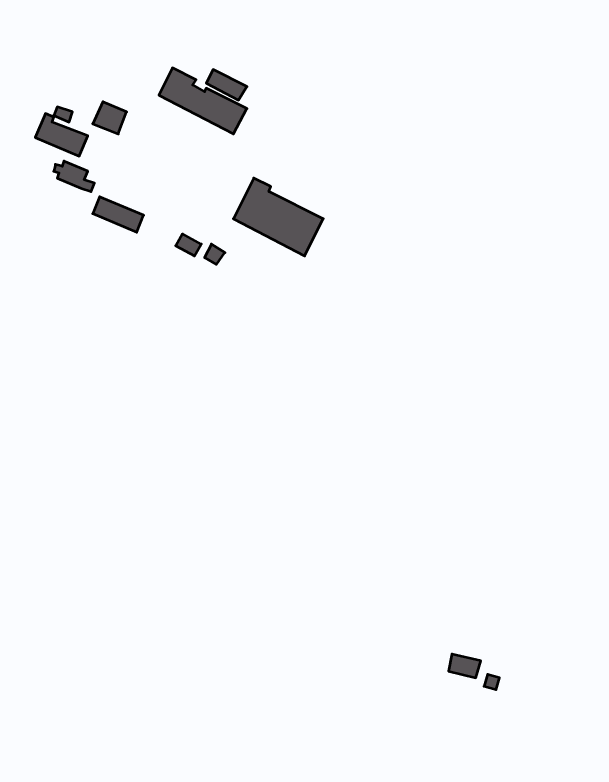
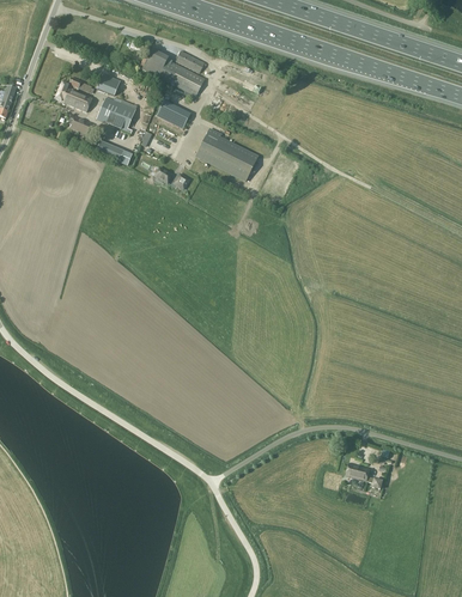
building: none -> [97,96,135,130]
building: none -> [156,99,190,128]

